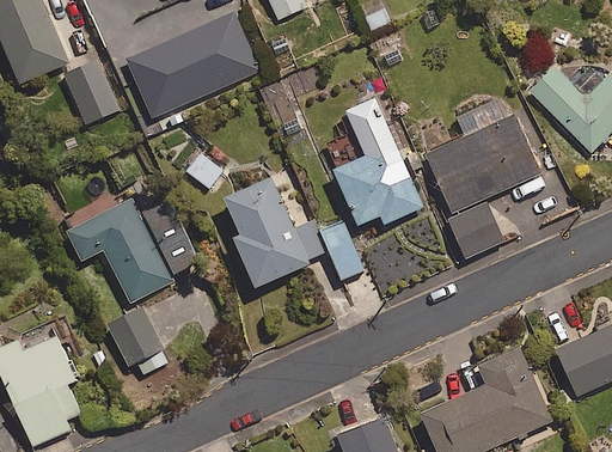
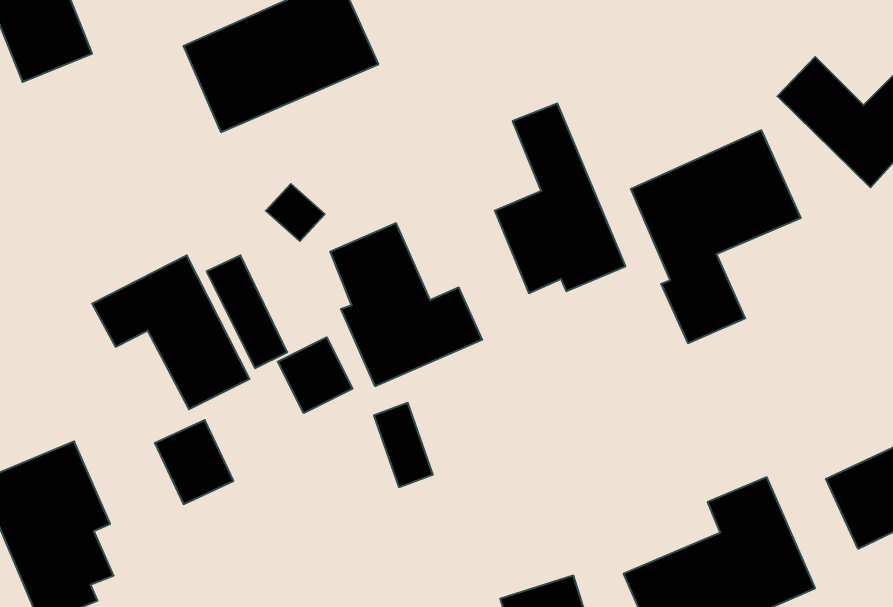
building: [65,60,117,123] -> none
building: [322,222,361,279] -> [374,403,433,487]
building: none -> [278,337,353,413]

